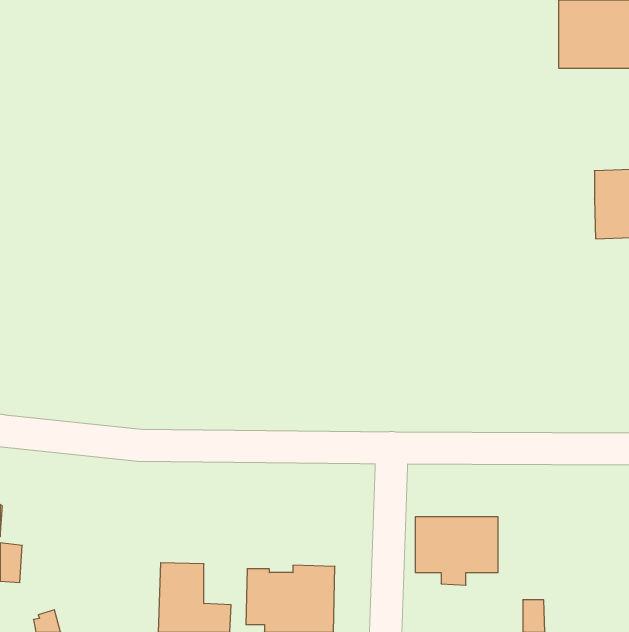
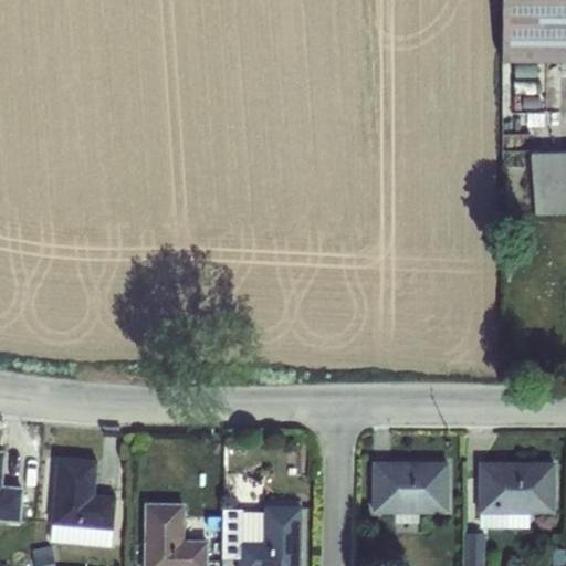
building: none -> [51,455,116,546]
building: none -> [480,462,555,527]

